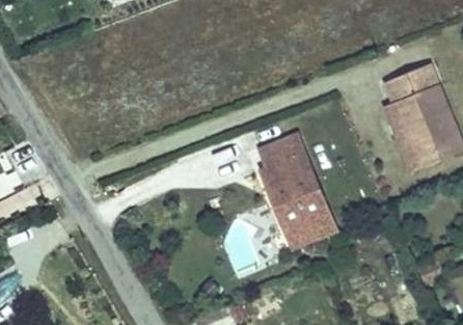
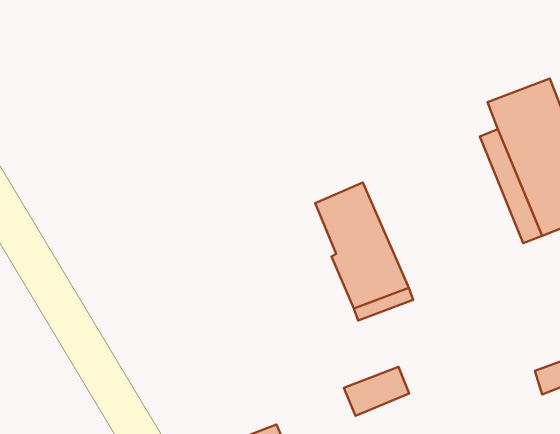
building: [294,217,339,251] -> [344,367,409,416]

